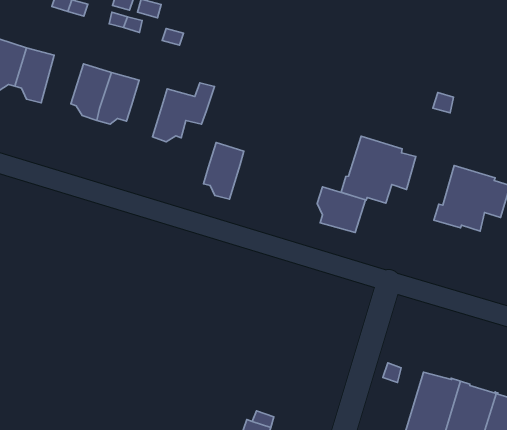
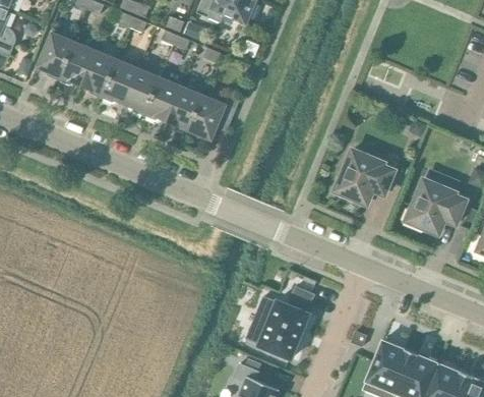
building: none -> [102,60,138,101]
building: [203,143,244,199] -> [168,87,202,132]
building: [317,187,365,232] -> none
building: none -> [246,286,313,358]

